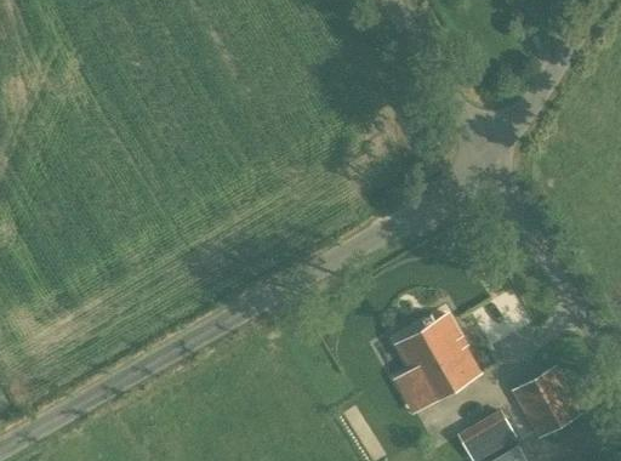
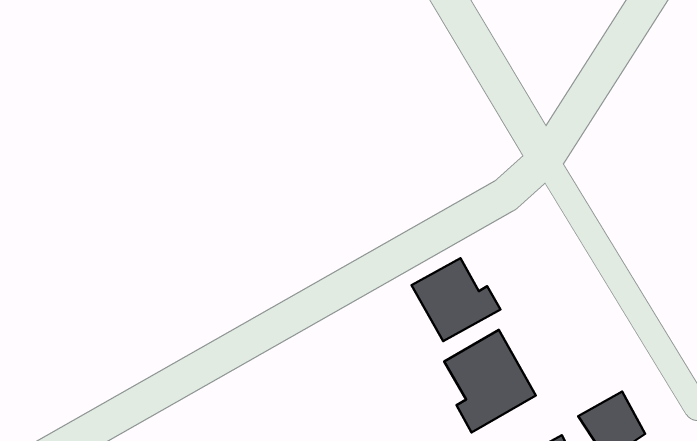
building: none -> [412,258,501,341]

